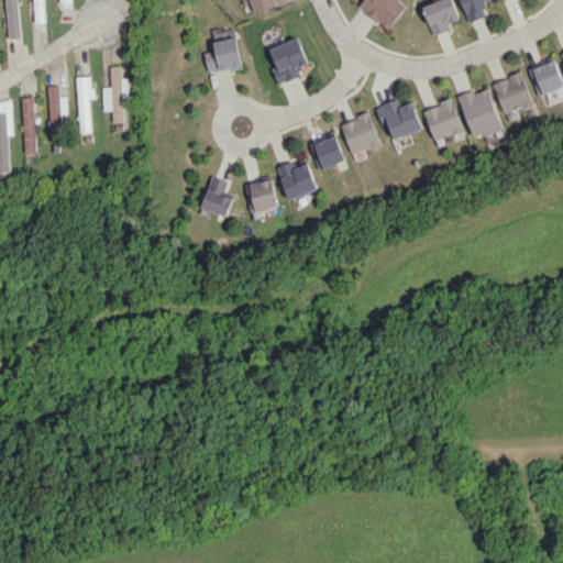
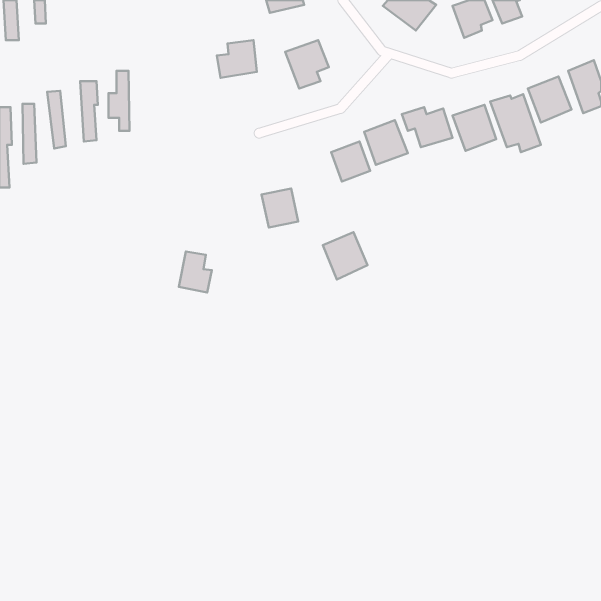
building: [276,157,318,201] -> [323,232,368,279]
building: [201,177,232,216] -> [179,251,212,293]

